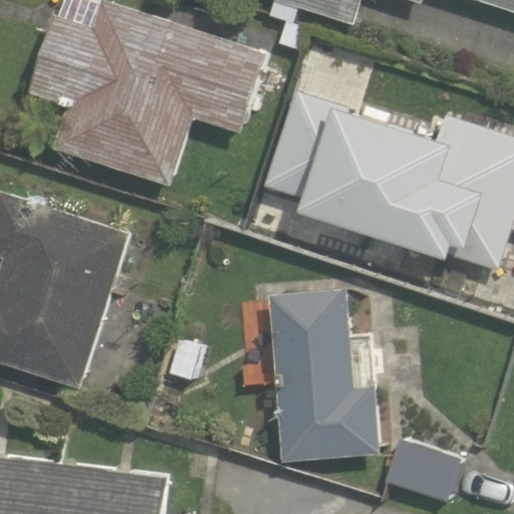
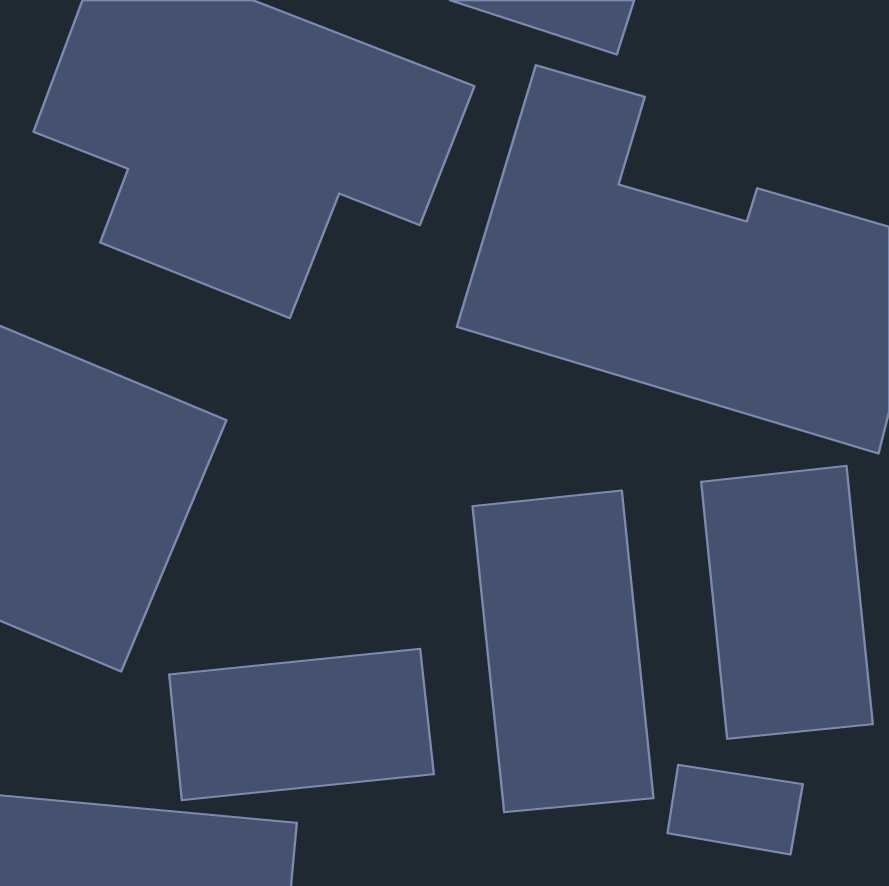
building: none -> [701,466,873,739]
building: none -> [169,649,434,800]

